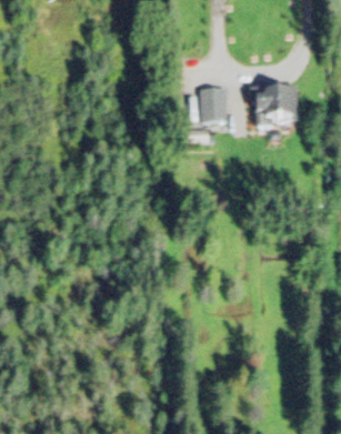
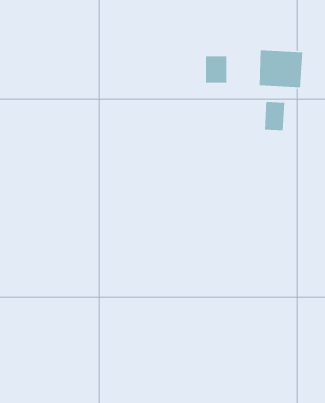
building: none -> [264,101,285,131]

